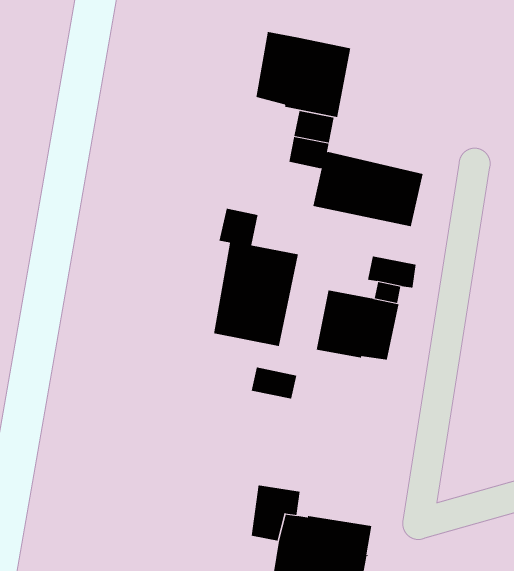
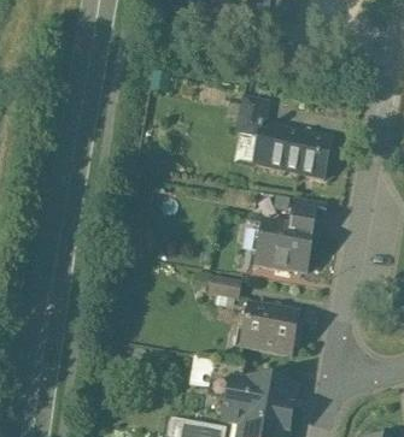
building: [256,31,351,118] -> none
building: [214,208,298,347] -> none
building: none -> [241,302,299,350]

